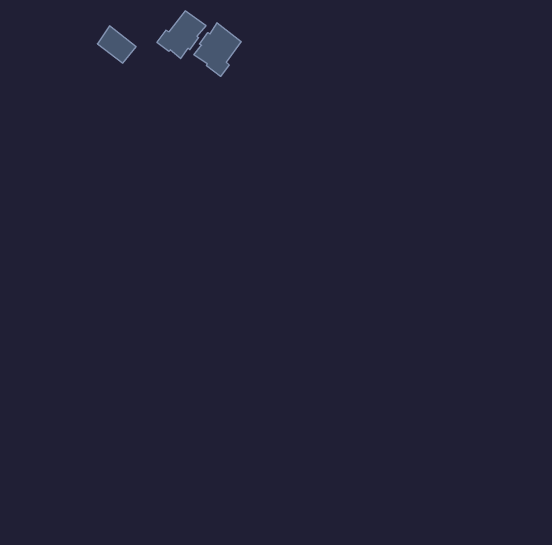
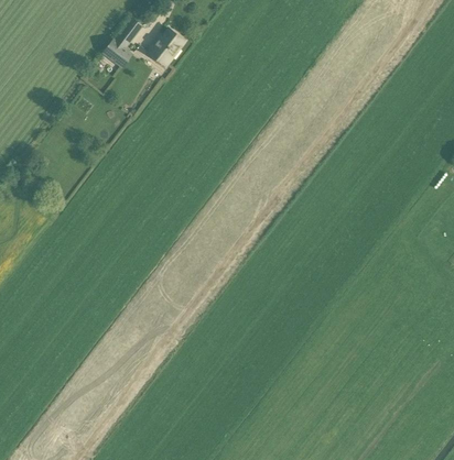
building: [194,23,241,76] -> none

